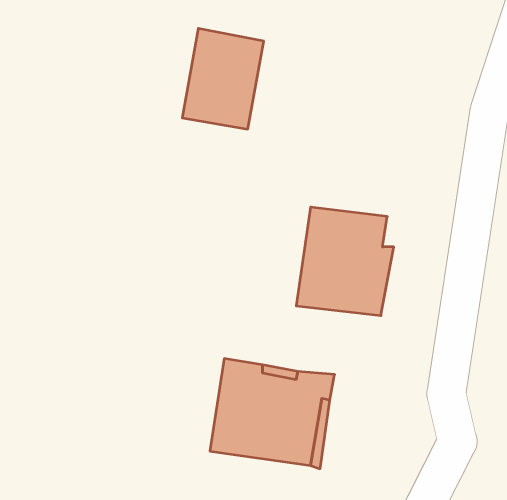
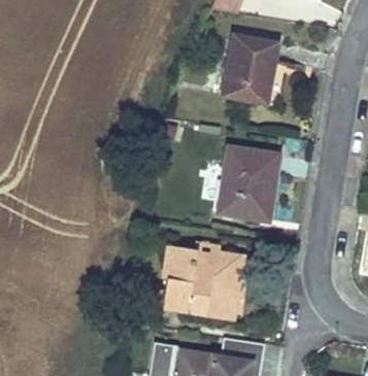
building: [182,28,264,129] -> [225,37,277,102]

